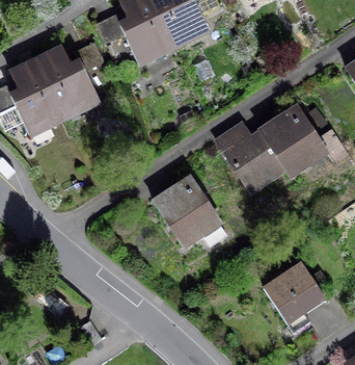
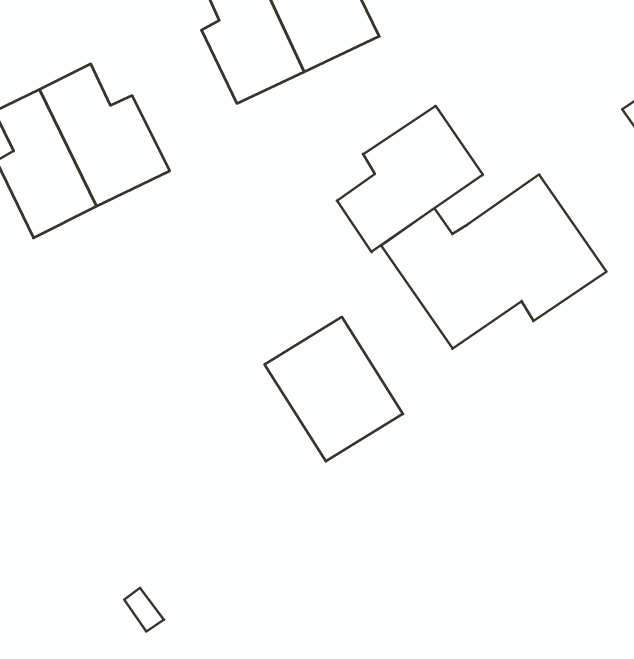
building: none -> [337,106,483,252]
building: [262,263,324,325] -> none

